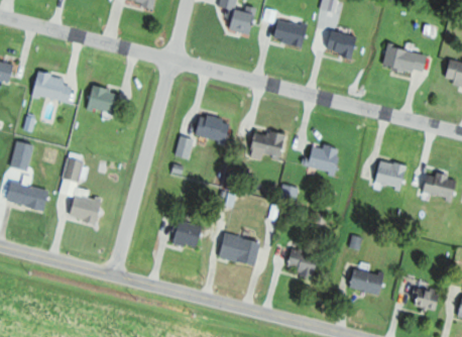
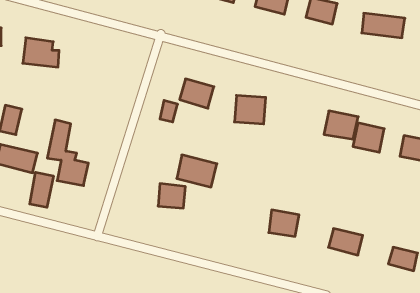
building: [86,85,119,115] -> none
building: [305,144,340,174] -> [324,111,358,139]
building: none -> [30,172,53,207]
building: [219,233,260,266] -> [177,155,217,187]

